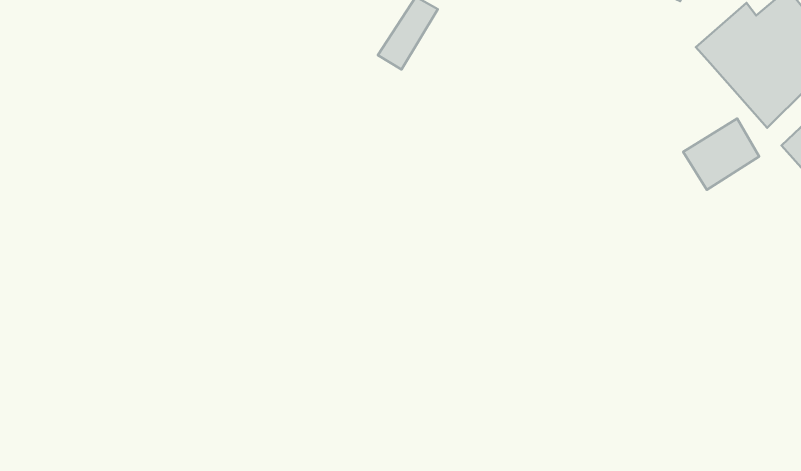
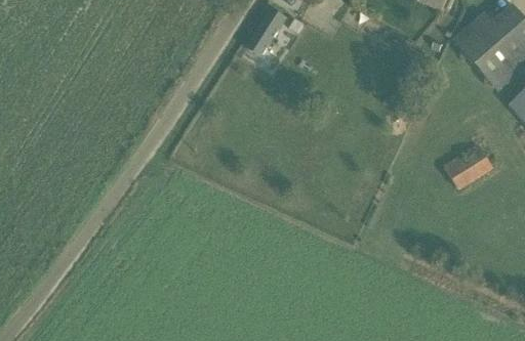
building: [683,119,759,190] -> [444,141,493,187]

